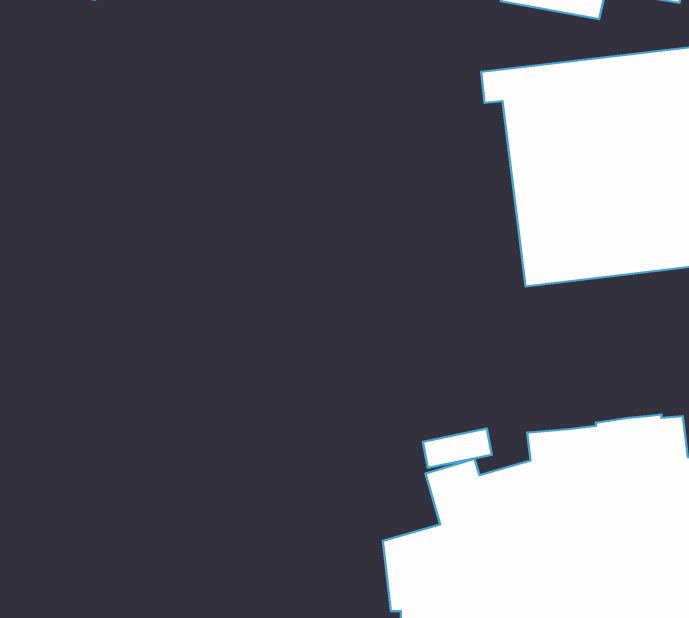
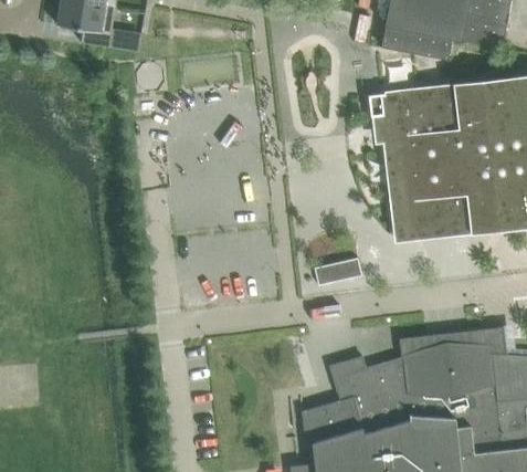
building: [423,429,492,468] -> [315,259,361,285]

